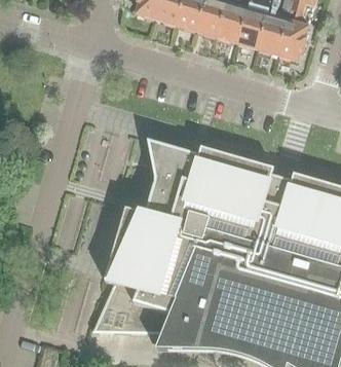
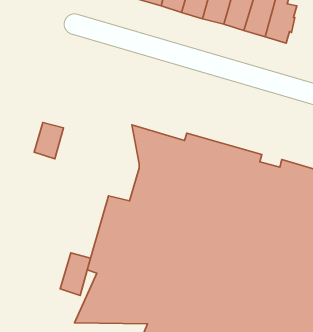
building: none -> [34,122,63,159]
building: none -> [60,253,91,295]

